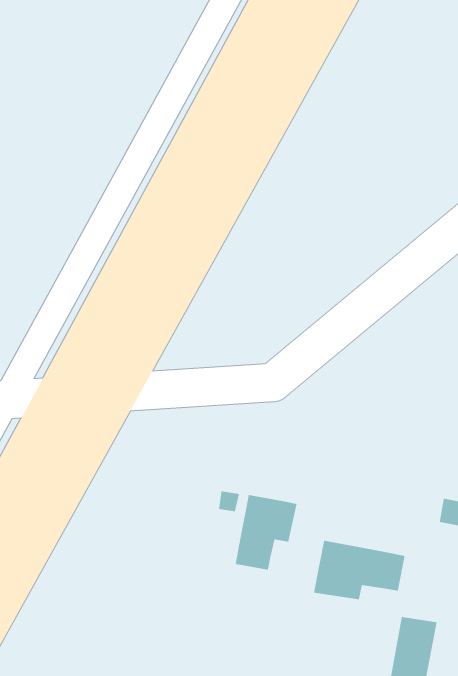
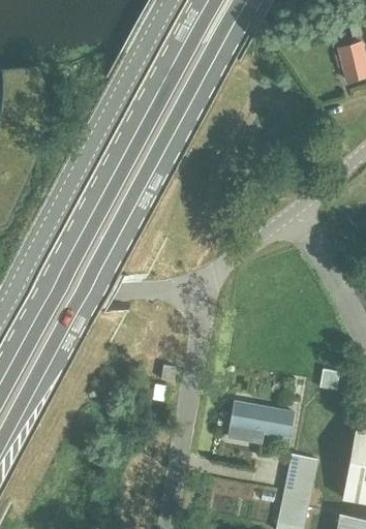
building: [235,494,298,571] -> none

